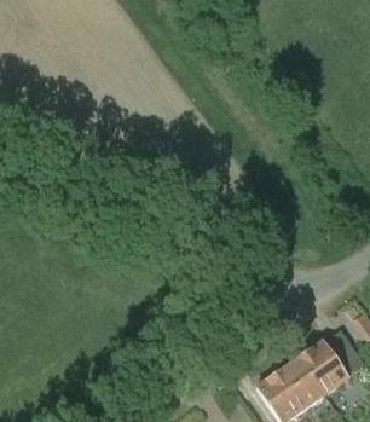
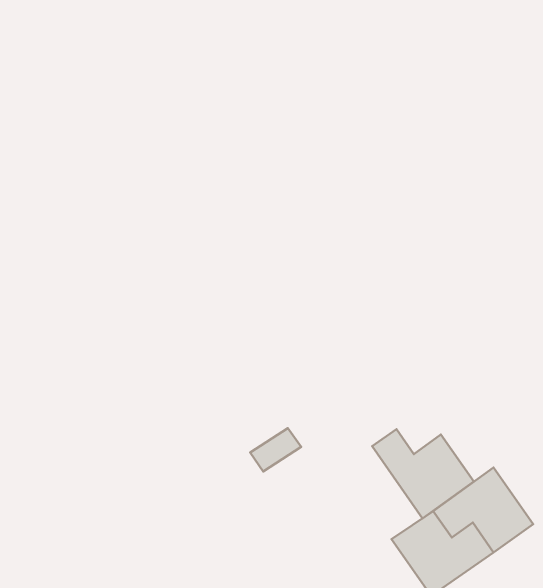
building: none -> [372,429,474,518]

